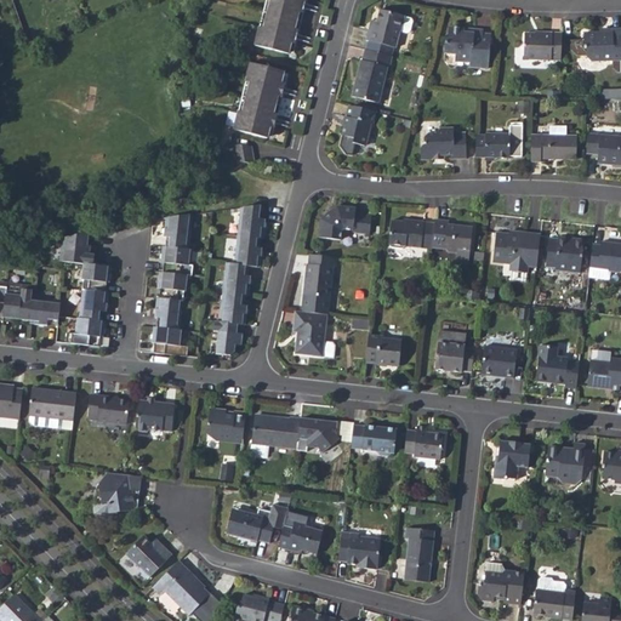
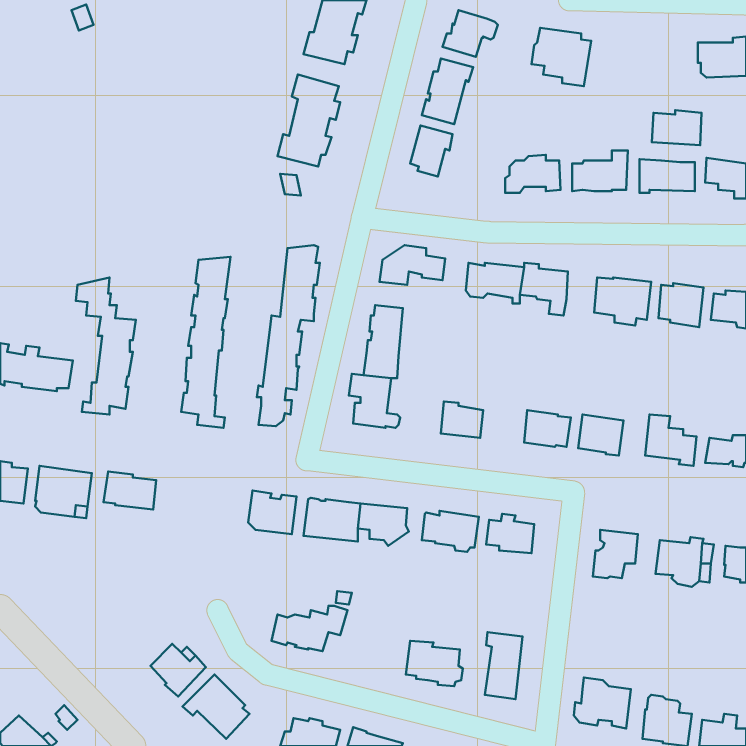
building: [520,30,562,59] -> [652,110,702,145]
building: [135,401,175,433] -> none
building: [92,472,139,522] -> none
building: [278,520,321,553] -> none

